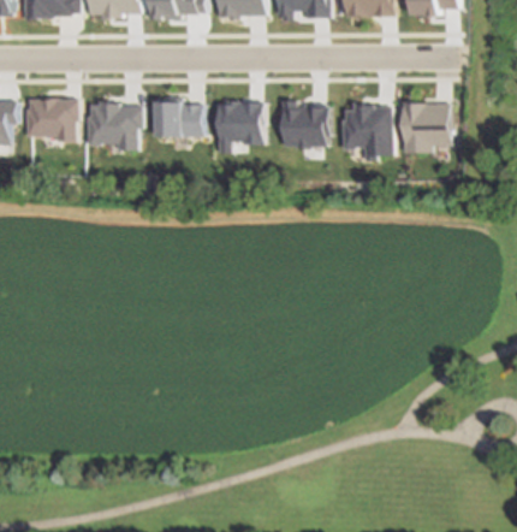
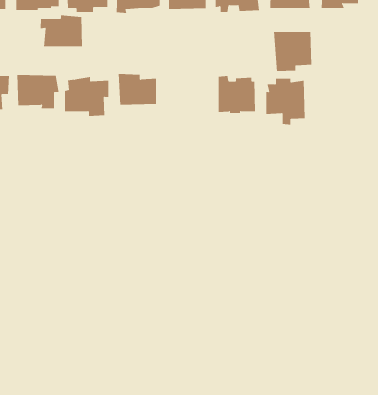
building: none -> [40,14,82,47]
building: [215,104,261,154] -> none
building: [399,104,448,154] -> [273,32,312,72]

